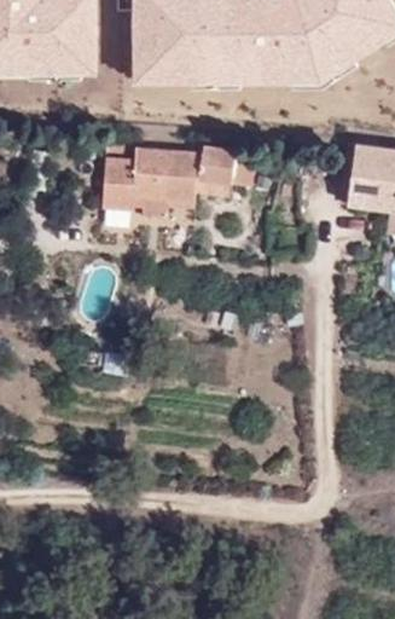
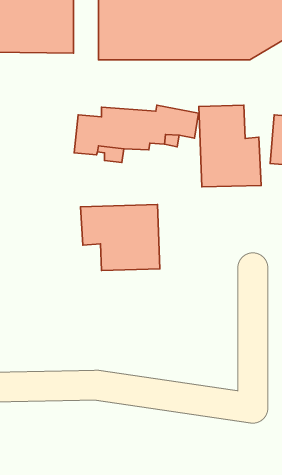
building: none -> [199,105,261,187]
building: none -> [81,205,160,271]

